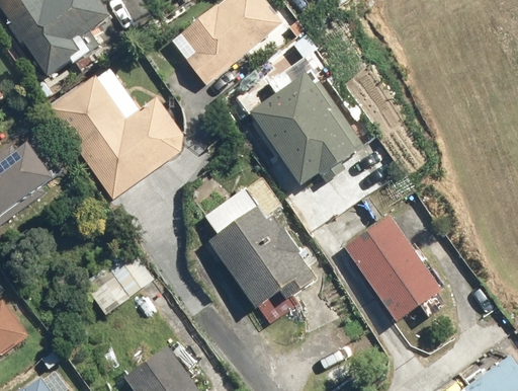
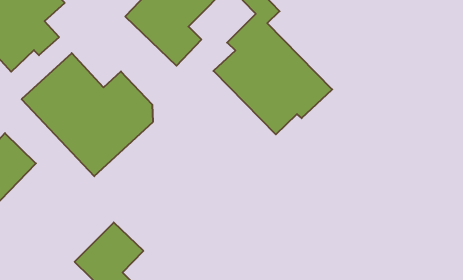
building: [202,172,331,325] -> none
building: [340,212,444,322] -> none

